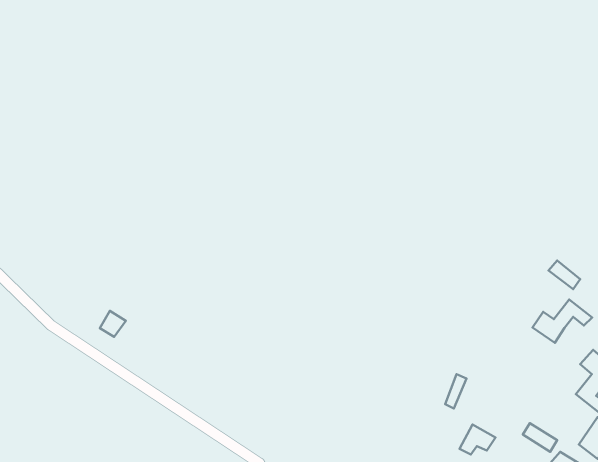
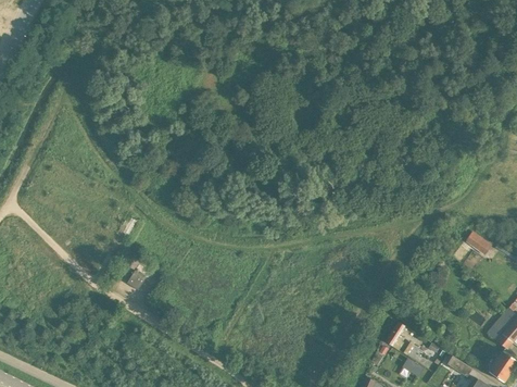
building: [532,300,592,343] -> none

